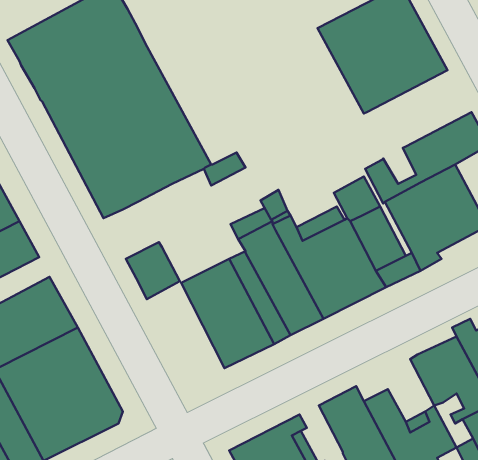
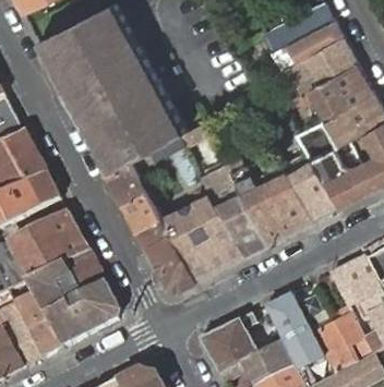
building: none -> [291,63,374,119]
building: none -> [106,159,146,201]
building: none -> [137,217,194,290]

